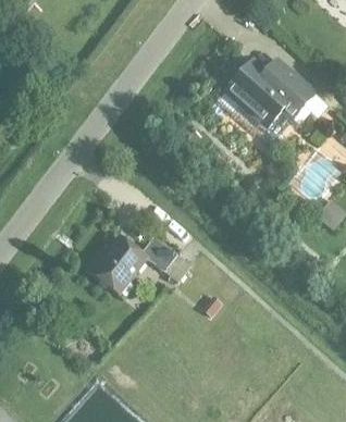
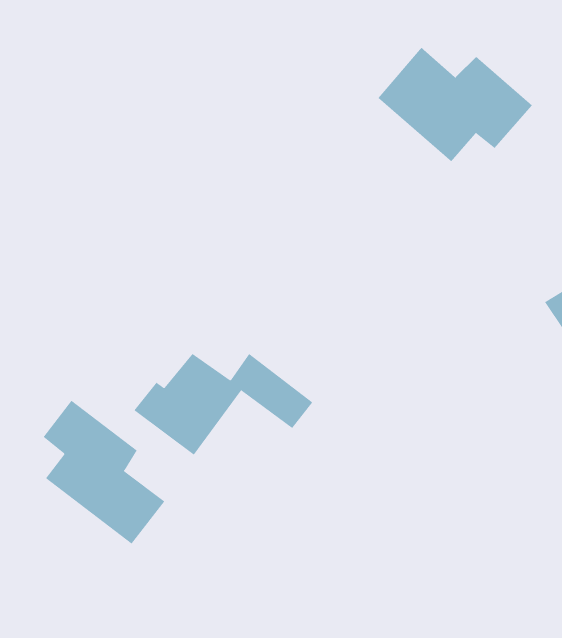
building: none -> [43,400,165,544]

